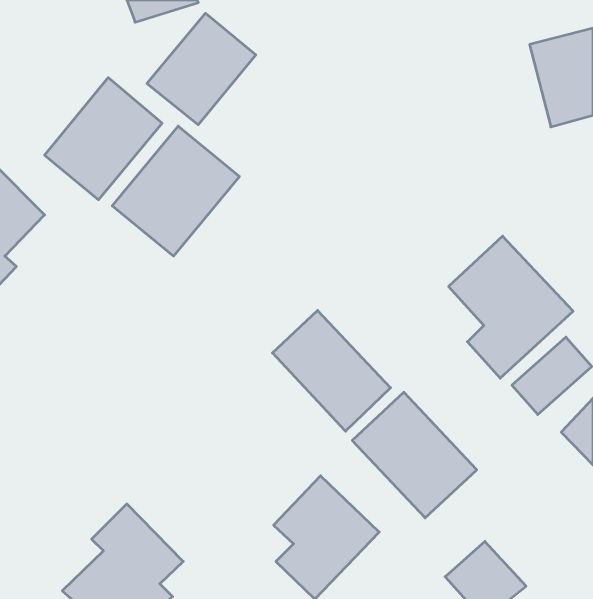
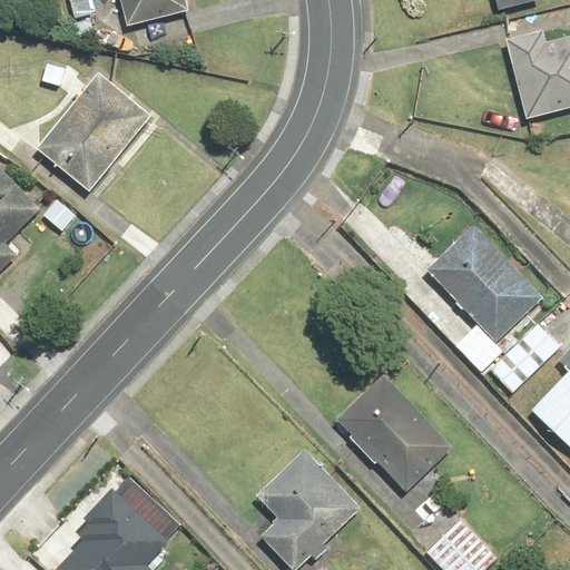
building: [147,13,256,125] -> none
building: [112,126,239,256] -> none
building: [272,310,391,431] -> none

